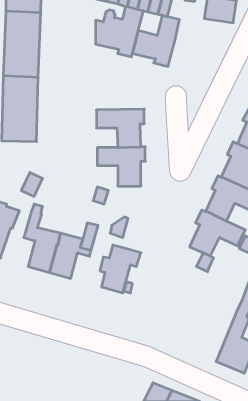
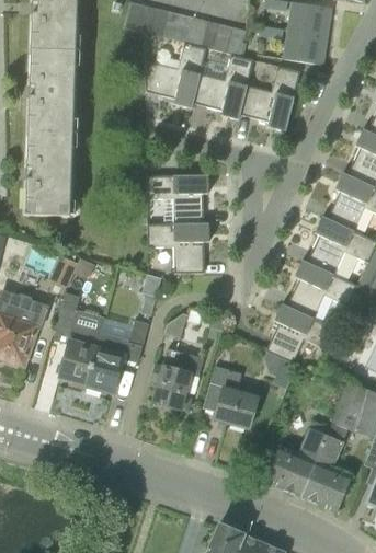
building: none -> [240,66,300,130]
building: none -> [203,369,259,428]
building: none -> [263,427,327,497]

